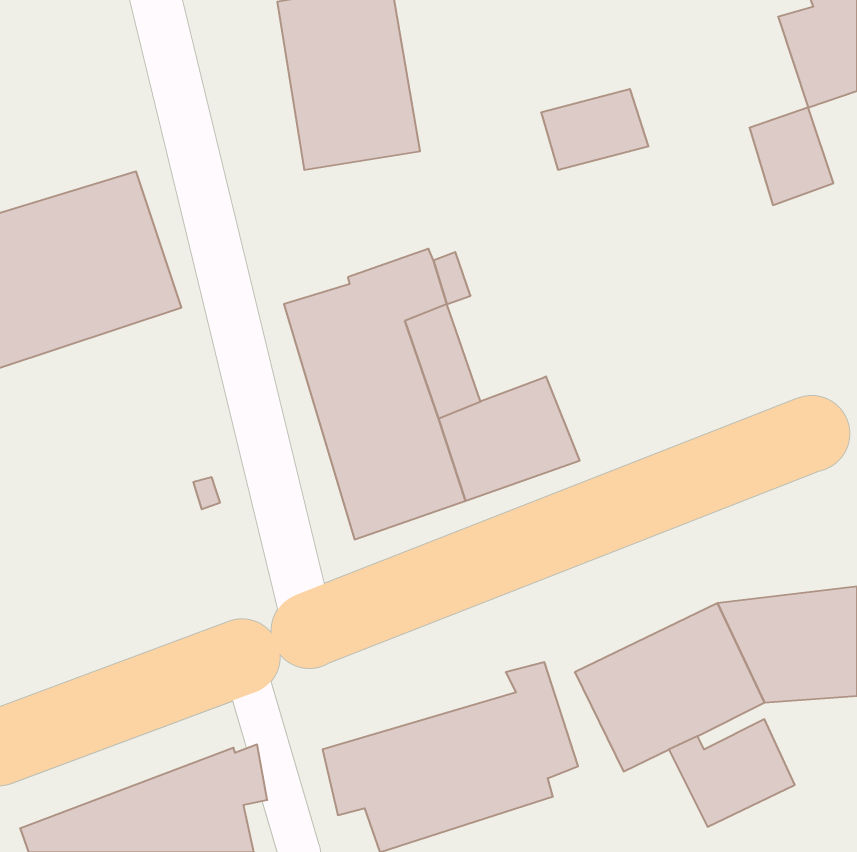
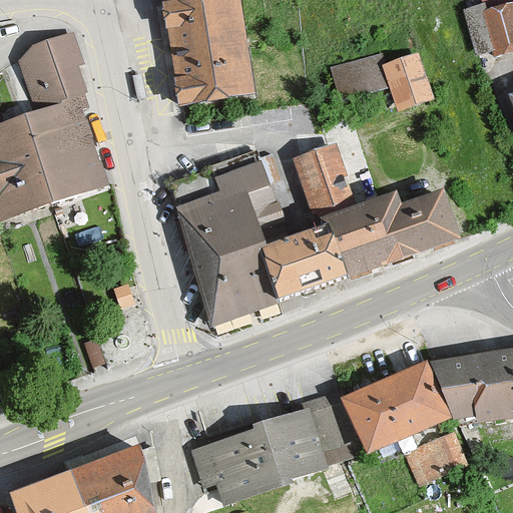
building: none -> [14,33,86,111]
building: [749,108,833,205] -> [383,53,433,111]
building: none -> [300,148,456,275]

